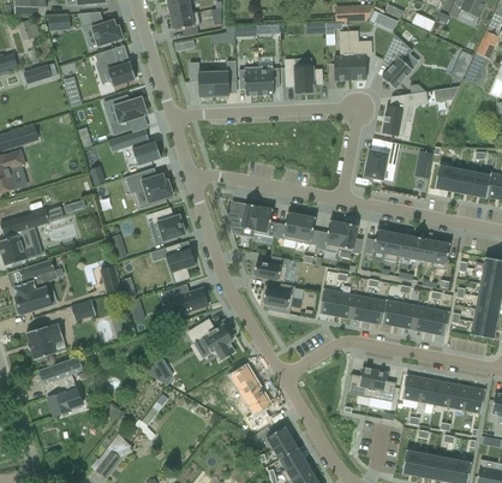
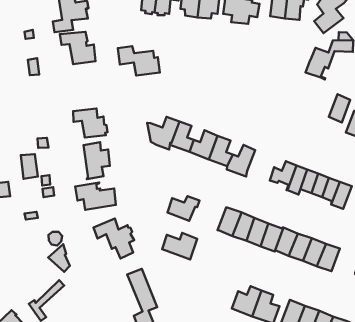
building: [364,141,400,181] -> none
building: [125,173,173,203] -> [118,46,160,76]
building: [339,223,363,254] -> none
building: [253,256,288,282] -> [162,233,197,260]

